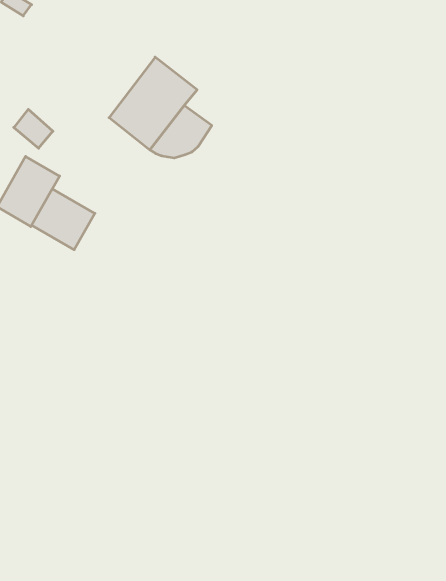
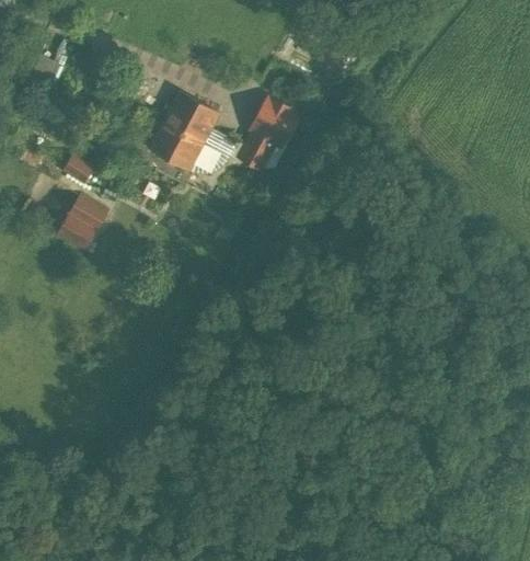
building: none -> [237,96,293,173]
building: [32,189,95,250] -> none

